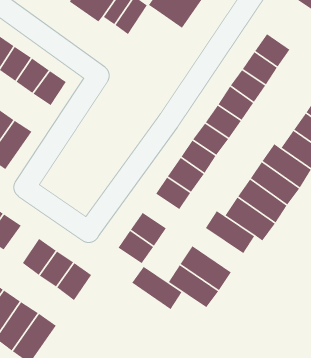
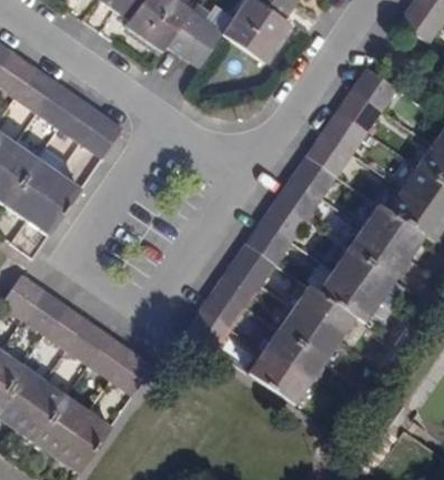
building: none -> [216,264,262,306]
building: none -> [46,303,89,349]
building: [131,266,182,310] -> [278,306,341,360]

